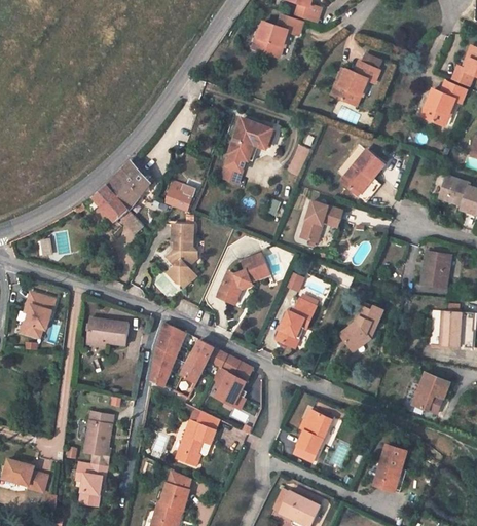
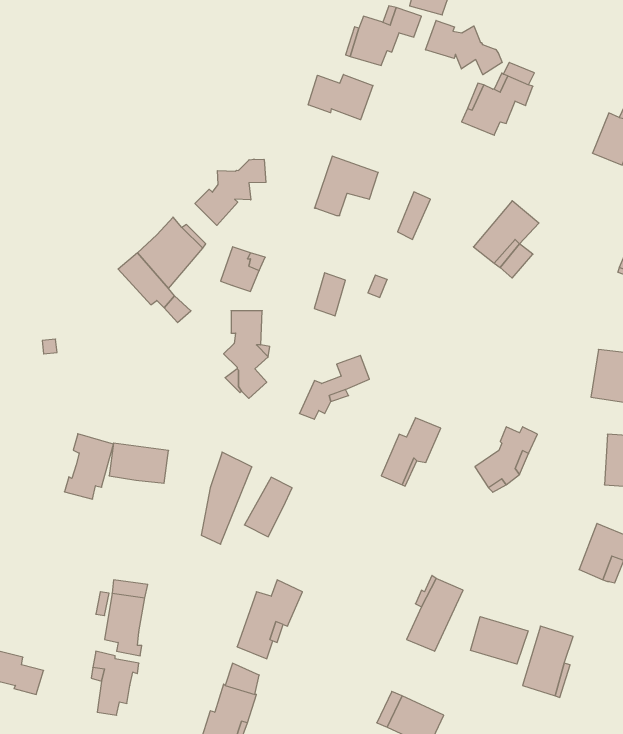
building: none -> [426,20,502,75]
building: none -> [308,74,373,120]
building: none -> [195,159,266,225]
building: [222,154,244,184] -> [314,273,345,316]
building: [299,201,341,242] -> none
building: [20,291,53,336] -> [64,434,113,499]
building: [207,347,252,408] -> none
building: none -> [470,617,528,664]

